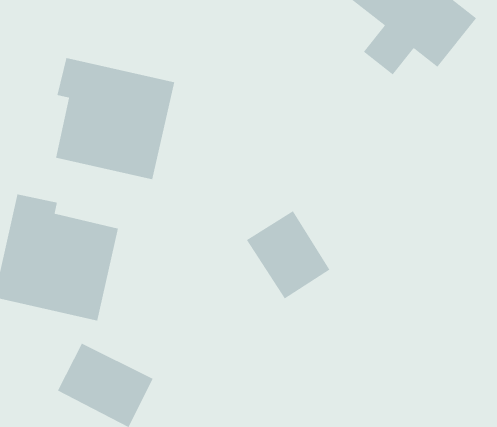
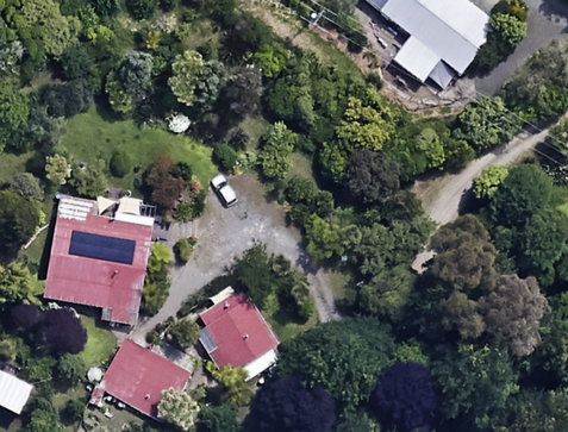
building: [55,57,175,180] -> none
building: [246,210,330,300] -> [196,287,277,372]

